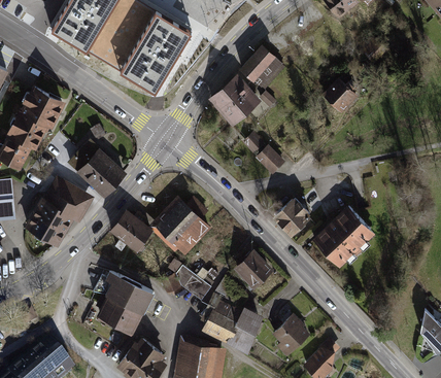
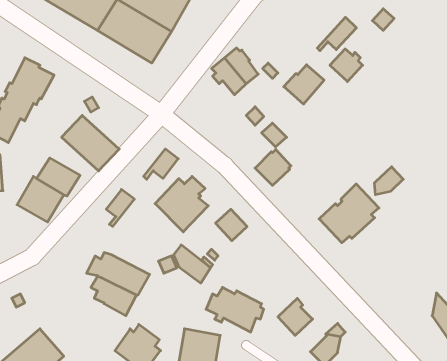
building: [241,47,279,84] -> [284,65,324,104]
building: none -> [317,17,356,51]
building: none -> [374,167,403,195]
building: [275,198,309,232] -> [255,149,291,185]
building: [117,220,150,249] -> [144,149,178,179]
building: [238,253,268,283] -> [216,209,247,241]

